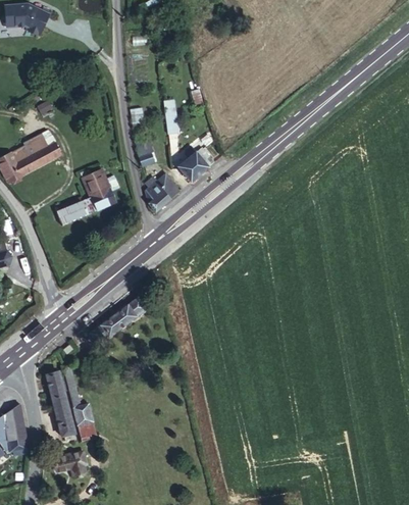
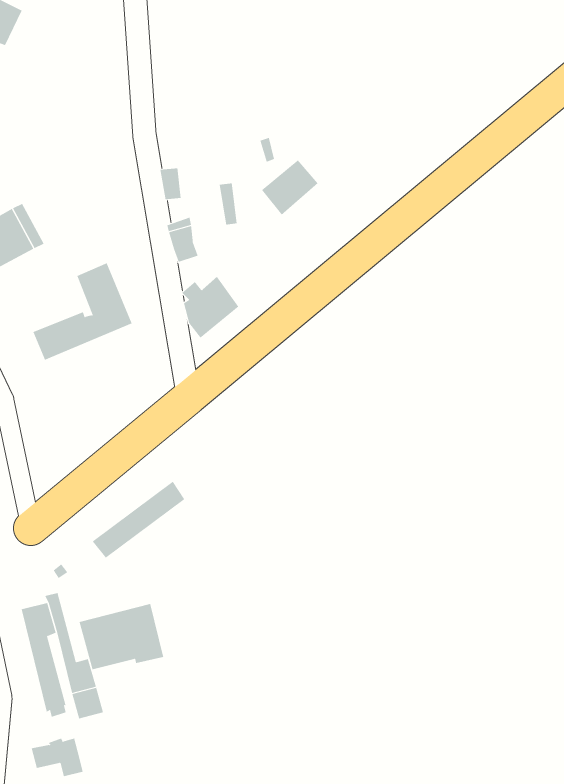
building: [178,148,213,182] -> [261,160,319,215]
building: none -> [79,603,164,670]

